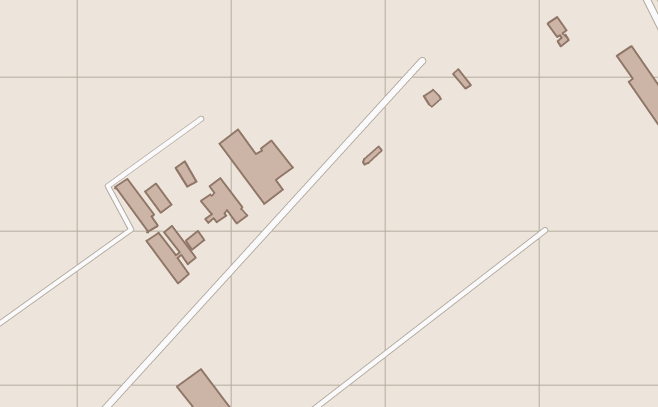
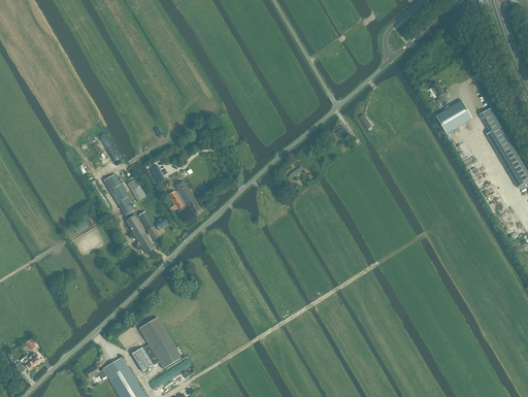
building: none -> [436,99,472,133]
building: [219,129,293,204] -> none

